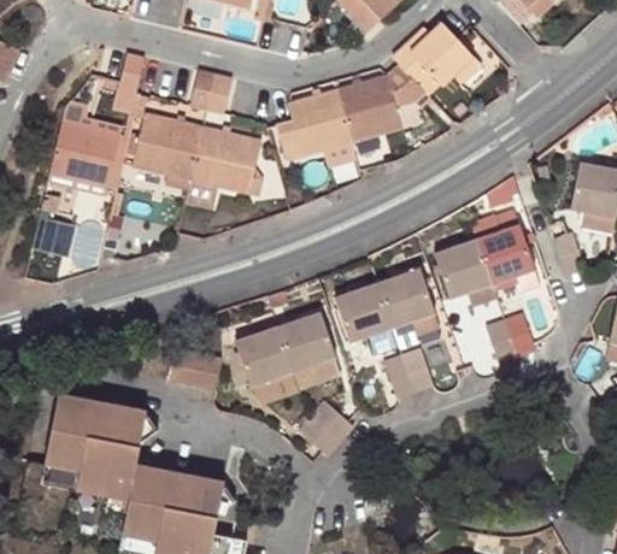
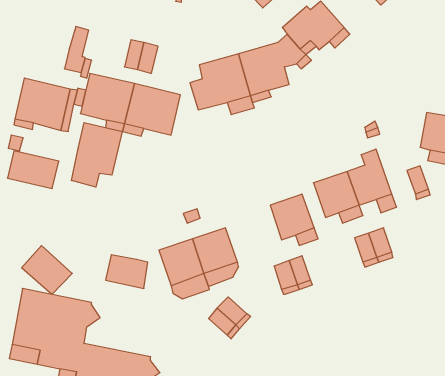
building: none -> [71,123,122,187]
building: [335,283,393,342] -> none
building: none -> [22,246,72,294]

